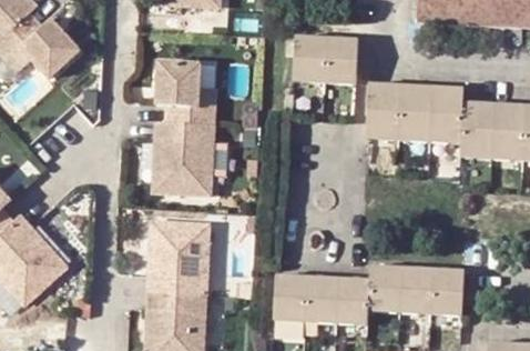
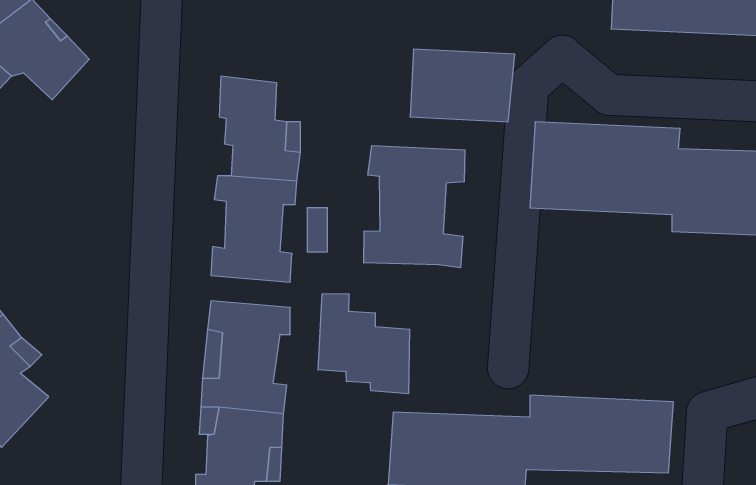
building: none -> [364,146,465,268]
building: none -> [318,294,410,394]

